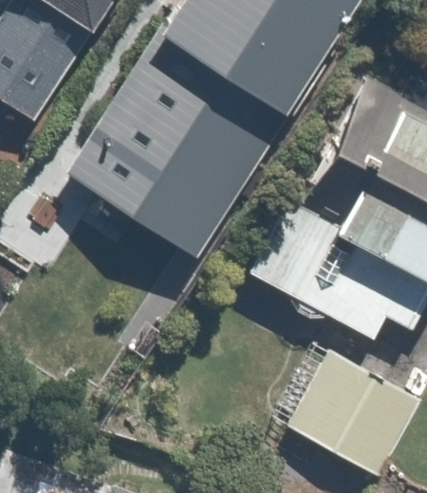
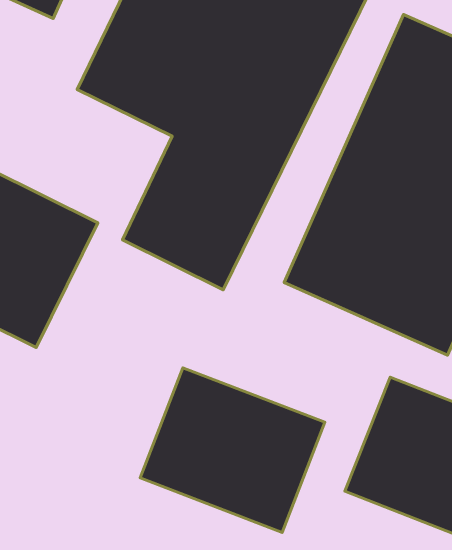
building: none -> [140,368,325,532]

